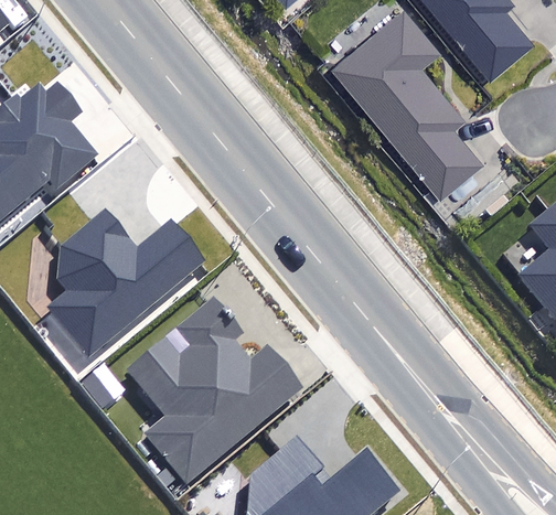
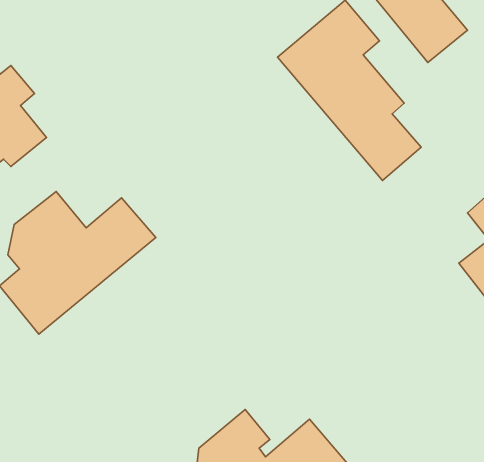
building: [127,297,306,483] -> none

